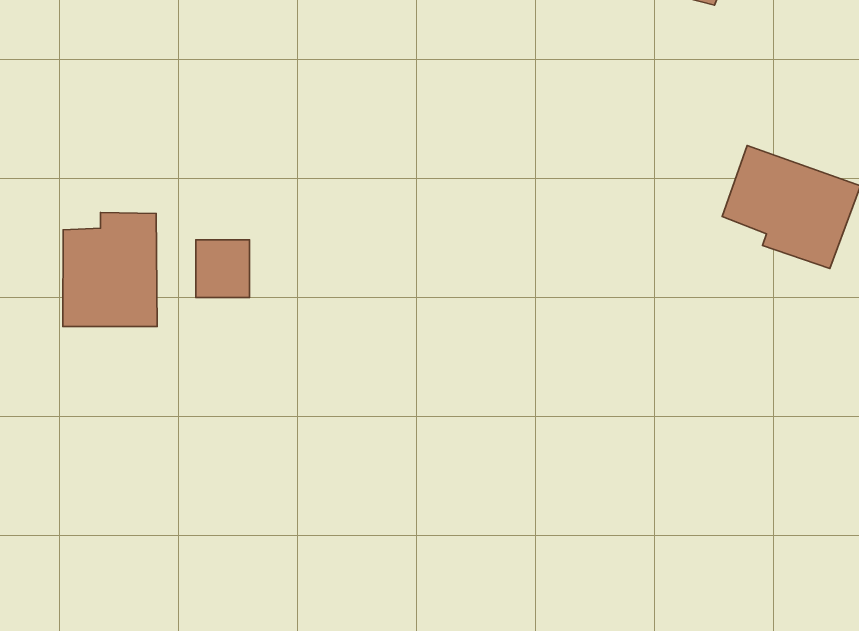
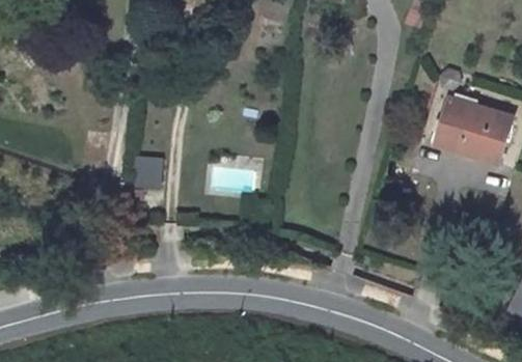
building: [63,213,157,326] -> none

